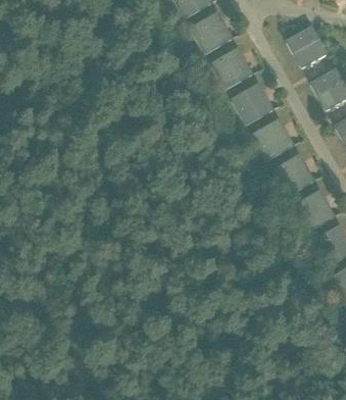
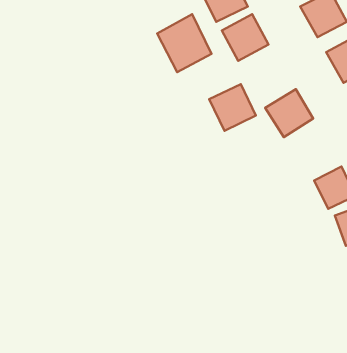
building: none -> [157,14,211,72]
building: [230,82,274,126] -> [209,84,256,131]
building: [274,153,315,196] -> none

